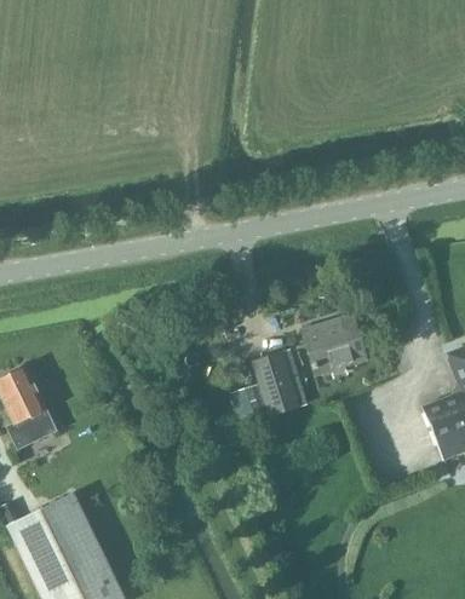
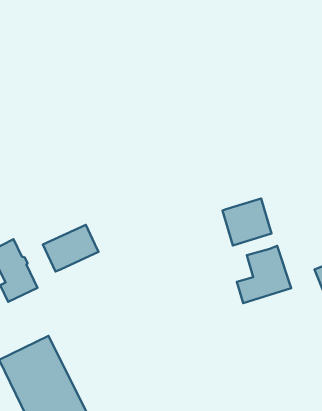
building: [239,346,310,421] -> [237,246,291,303]
building: none -> [43,225,99,271]

